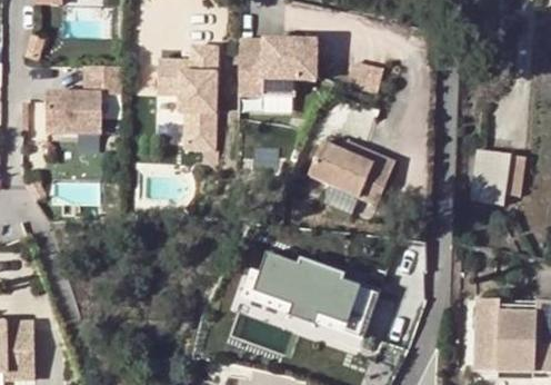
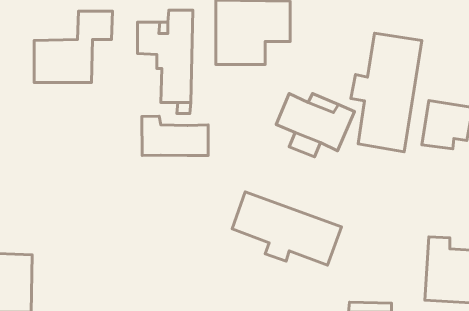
building: none -> [351,33,422,152]
building: none -> [142,116,208,156]

